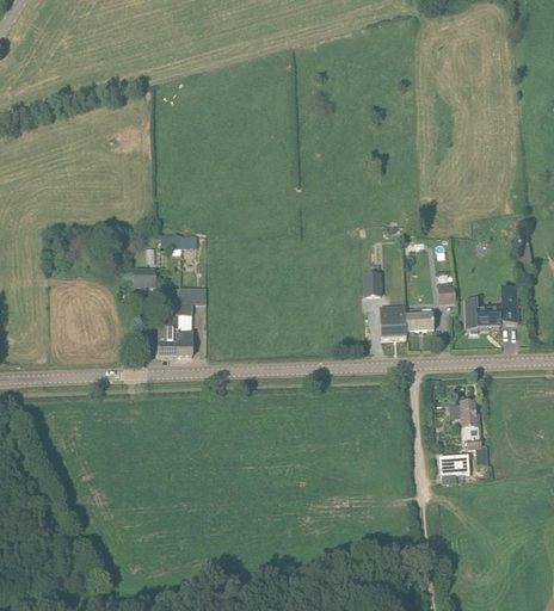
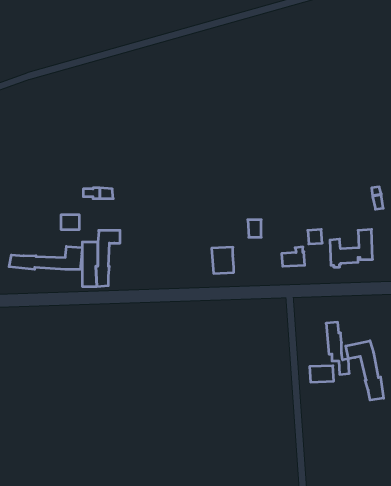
building: [378,306,406,338] -> [212,247,234,273]
building: none -> [9,246,82,269]
building: none -> [346,341,384,400]

